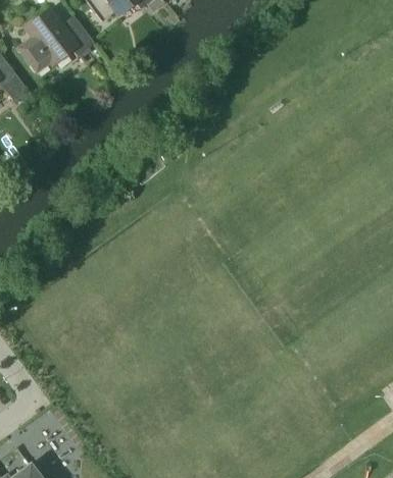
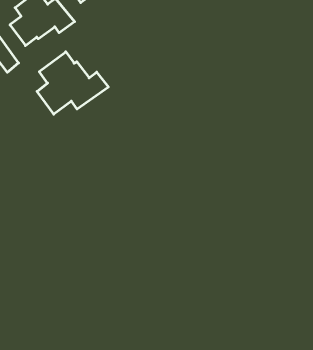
building: none -> [37,52,108,114]

